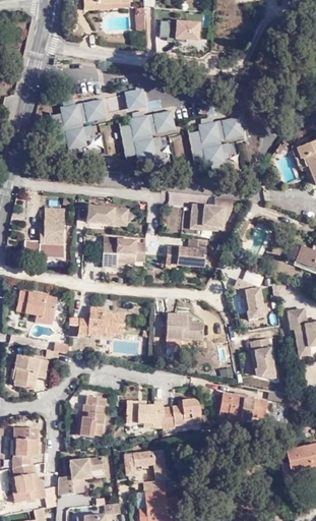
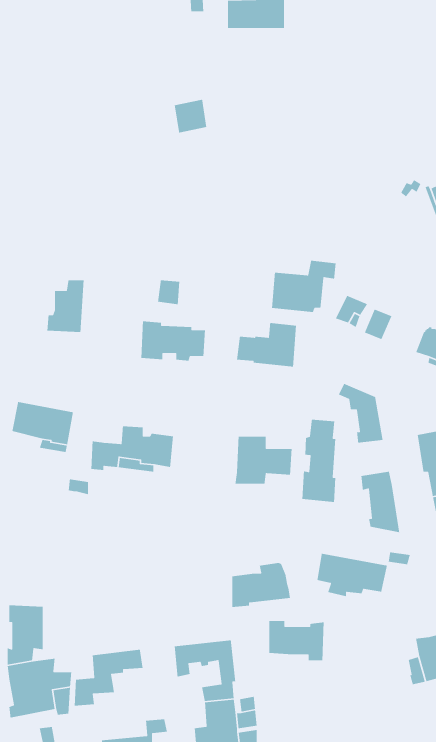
building: [49,98,105,149] -> none
building: [119,110,175,160] -> none
building: [187,115,244,166] -> none
building: [87,206,115,224] -> none
building: none -> [301,419,336,503]
building: [13,354,48,387] -> none
building: [79,395,108,438] -> none
building: [126,400,164,427] -> [268,620,325,661]

